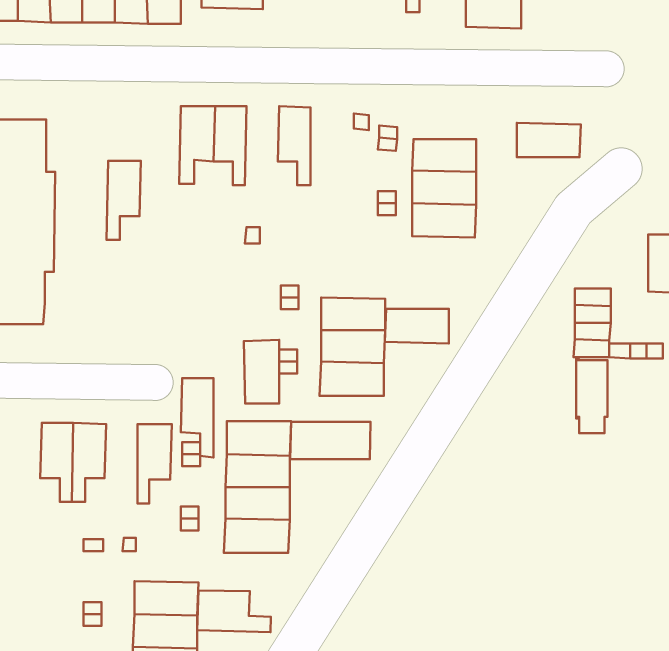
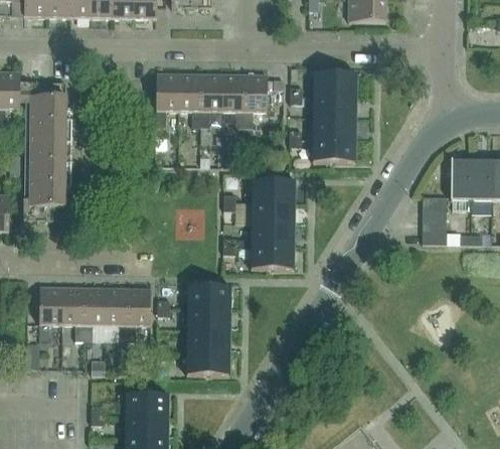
building: none -> [244,74,268,127]
building: [517,123,581,157] -> [314,72,357,96]
building: [107,161,141,240] -> [200,73,223,127]
building: [385,309,449,343] -> [252,180,295,203]
building: [244,340,279,403] -> none
building: [576,357,608,433] -> [451,158,472,209]
building: [181,378,214,457] -> [106,288,128,341]
building: [290,422,371,459] -> none
building: none -> [39,287,63,339]
building: [197,590,271,632] -> none

